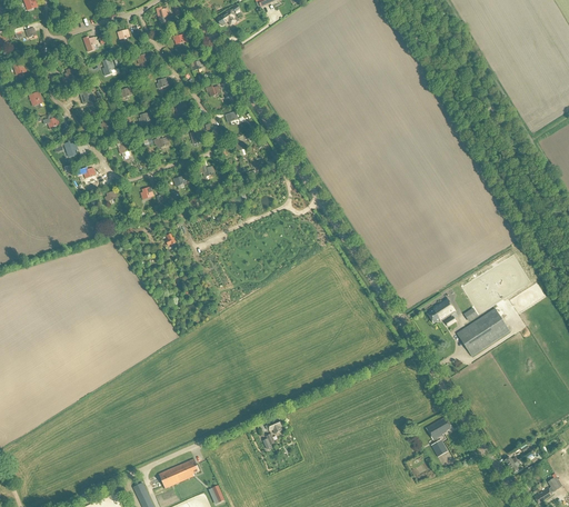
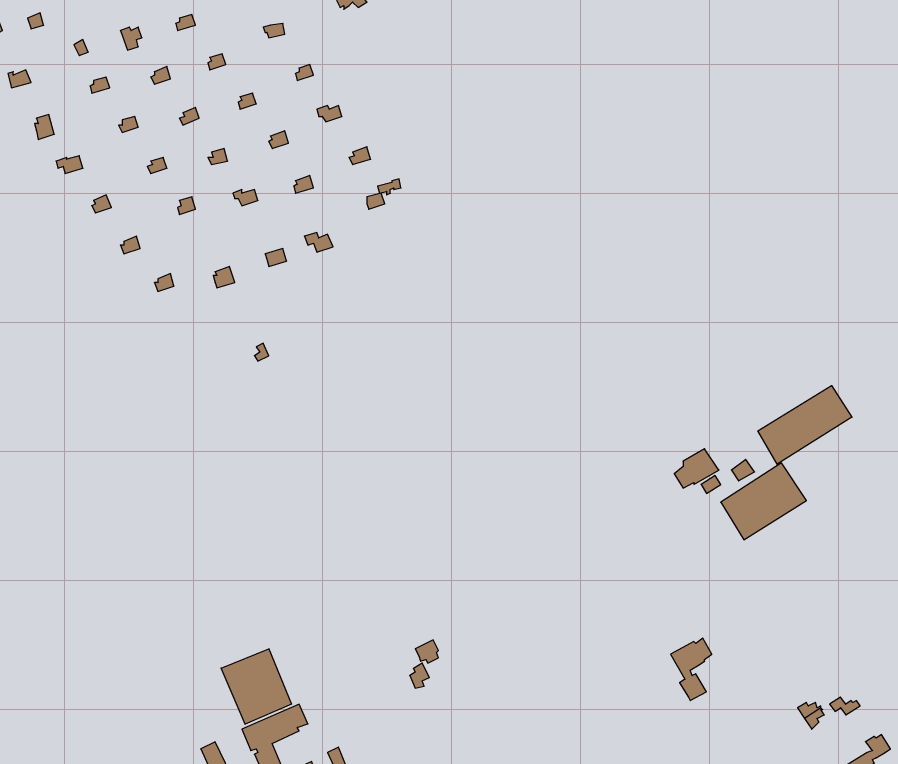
building: none -> [758,386,852,464]
building: none -> [221,649,291,724]

